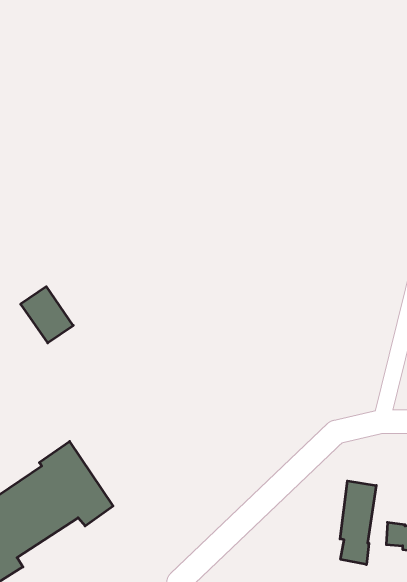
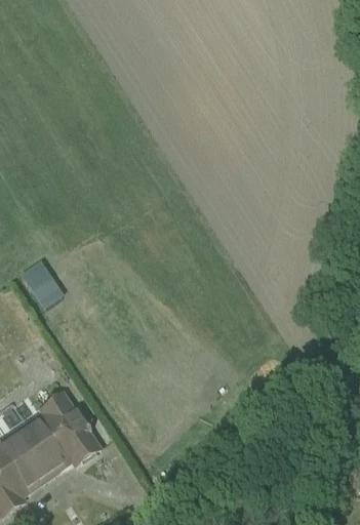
building: [340,481,376,565] -> none

